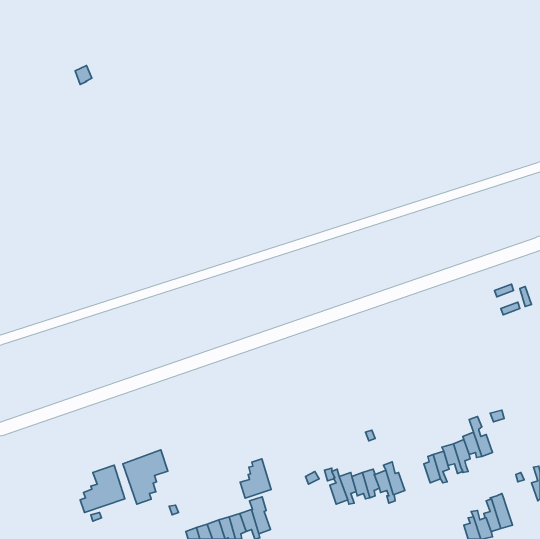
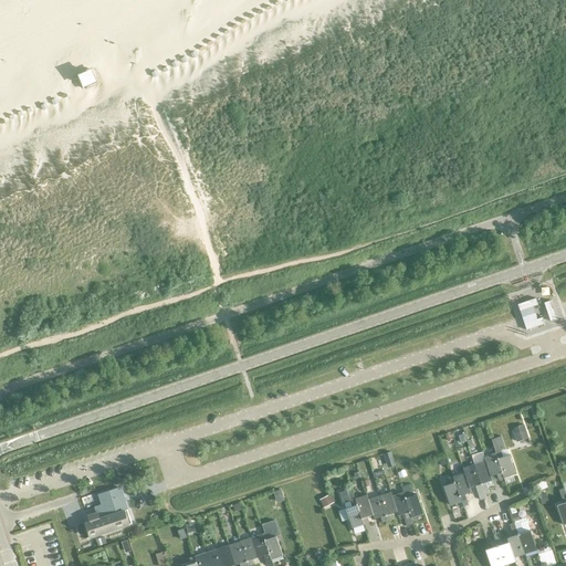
building: [123,450,168,504] -> none
building: [240,459,271,498] -> none

